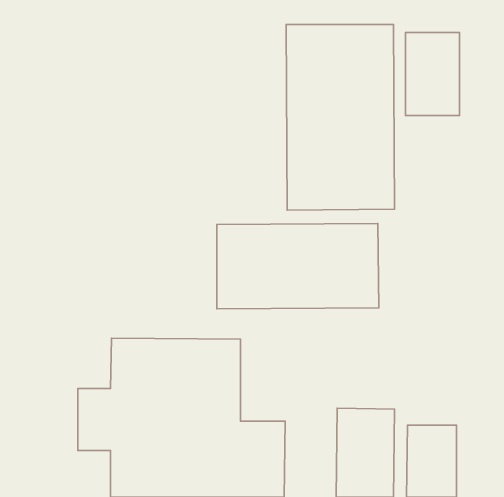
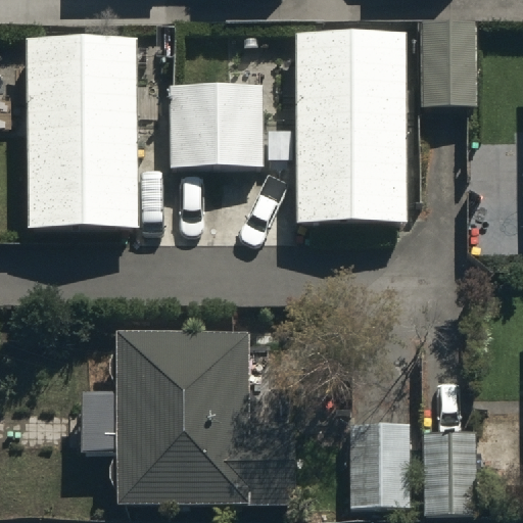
building: none -> [27,34,138,227]
building: none -> [170,78,263,162]
building: [217,223,379,309] -> none

